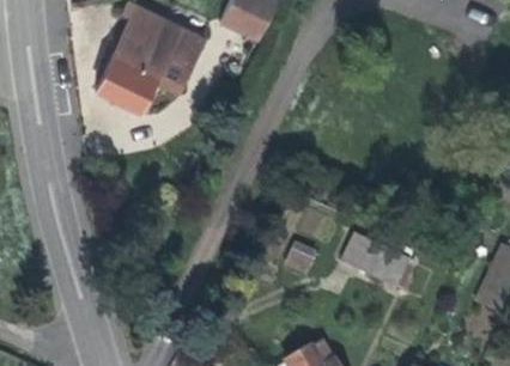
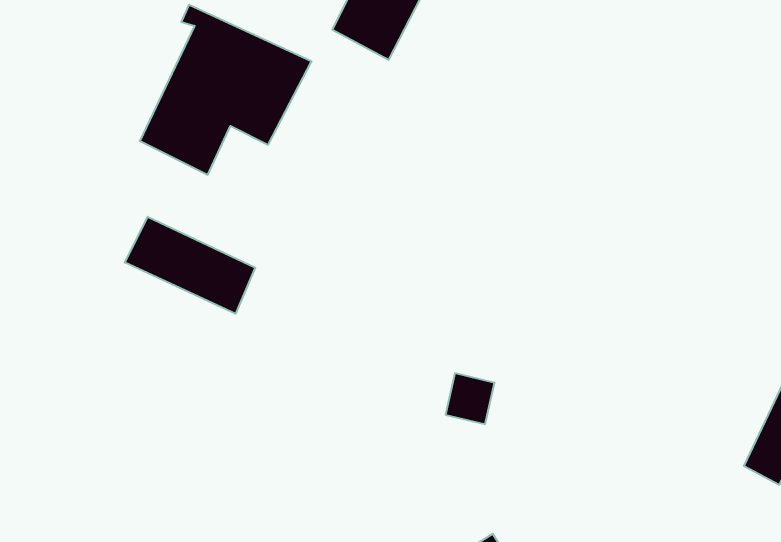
building: none -> [125,217,255,314]
building: [344,233,412,283] -> none

